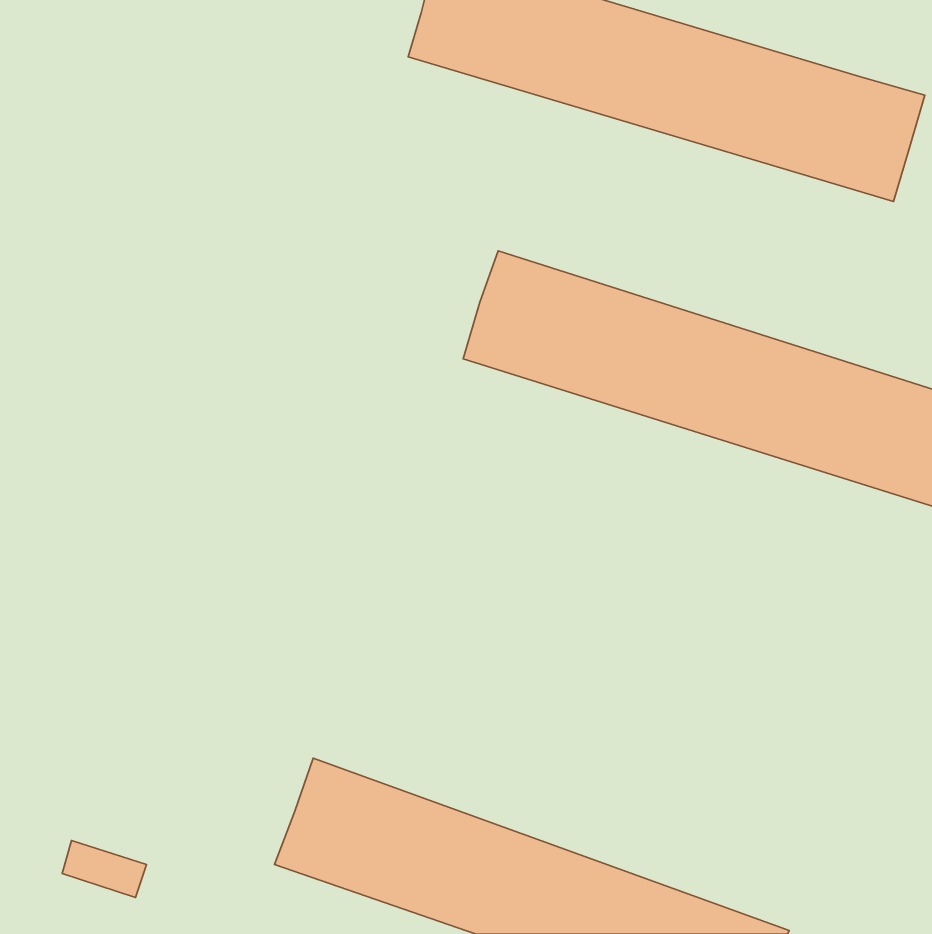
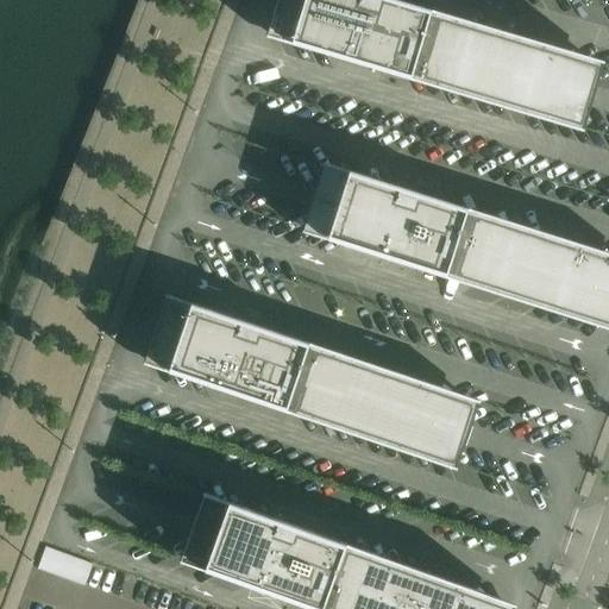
building: none -> [145,295,481,470]

